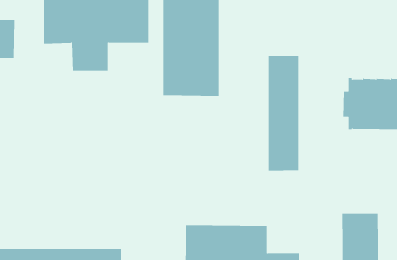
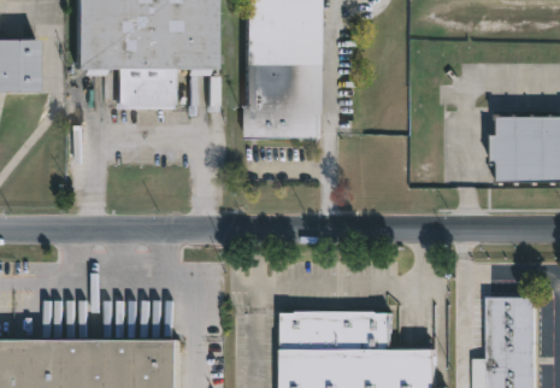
building: [268,55,299,171] -> none

